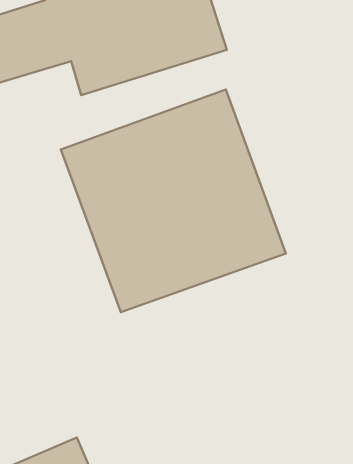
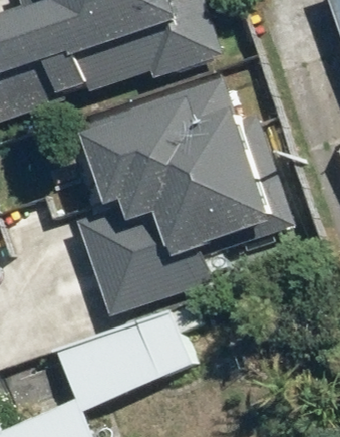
building: none -> [58,313,192,409]

